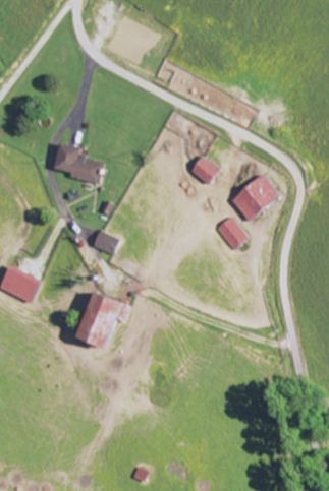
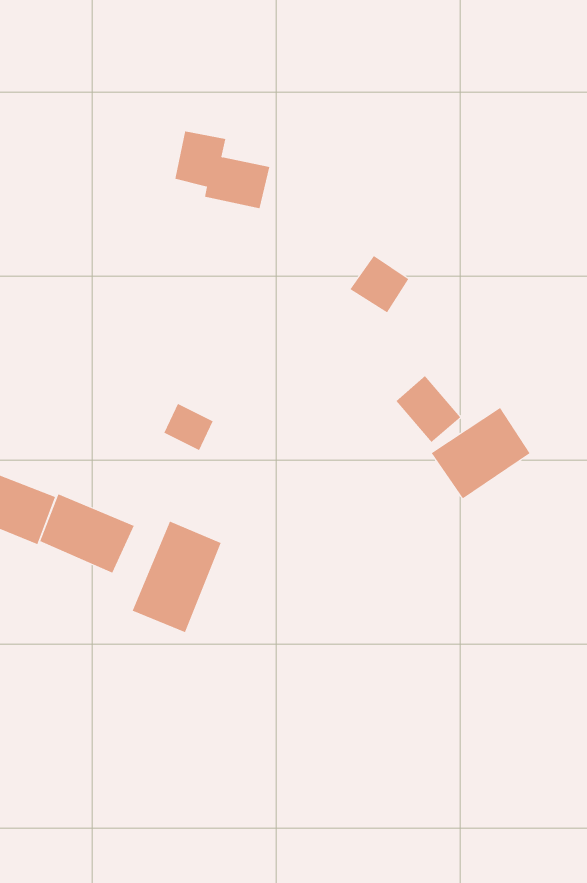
building: [54,143,103,183] -> [174,131,270,209]
building: [229,175,280,222] -> [431,407,531,499]
building: none -> [39,493,134,574]

